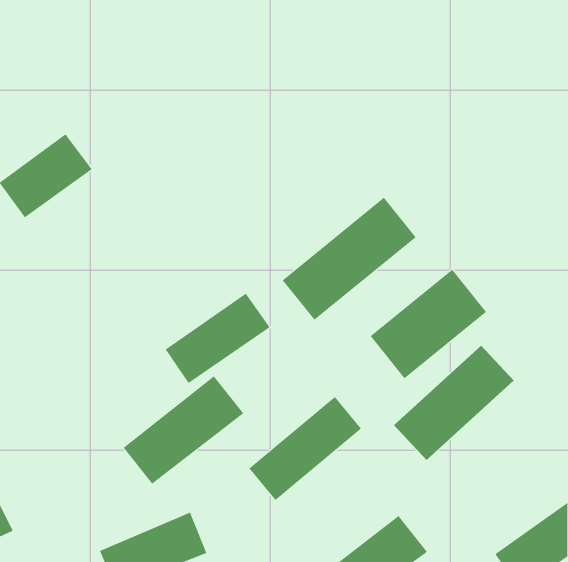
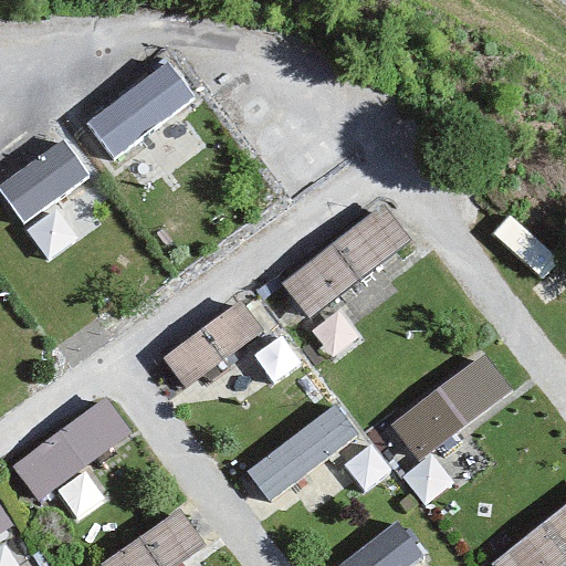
building: none -> [90,62,198,161]
building: [370,269,487,379] -> none
building: [123,375,244,485] -> [12,395,133,503]

